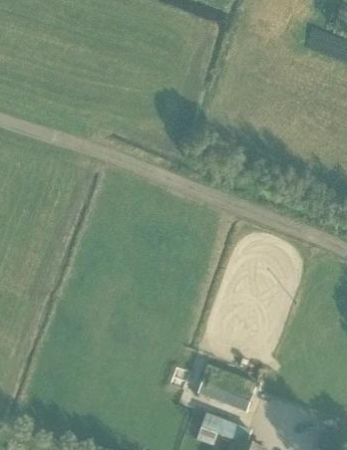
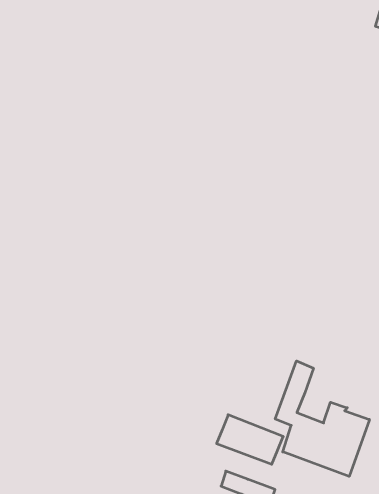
building: none -> [275,361,369,476]

